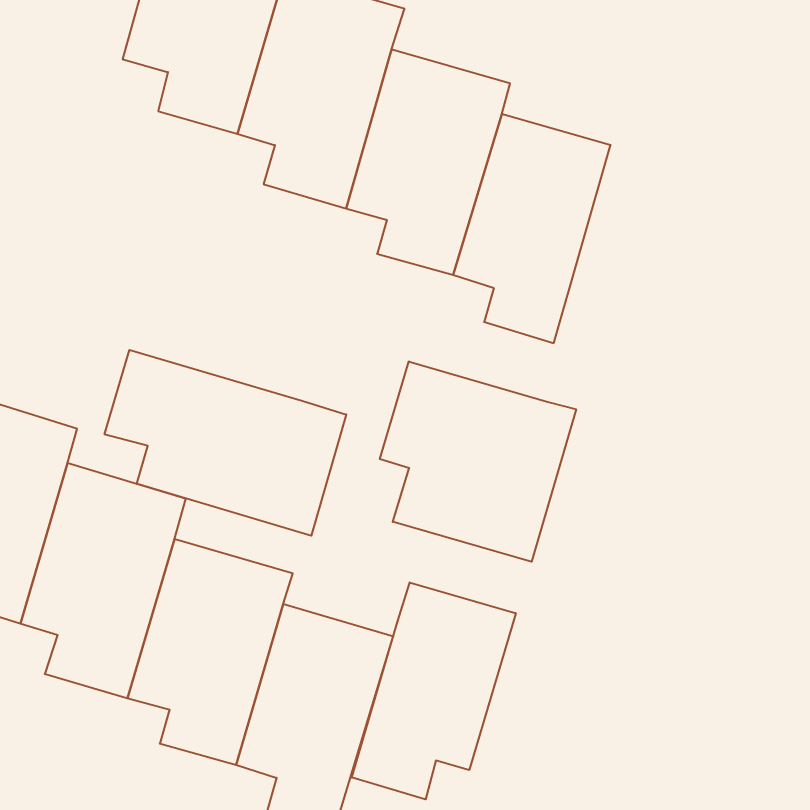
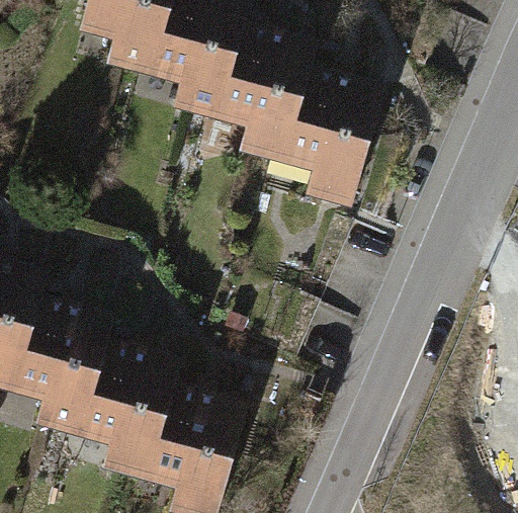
building: [105,350,346,536] -> none
building: [380,361,576,562] -> none
building: [352,582,516,799] -> none

